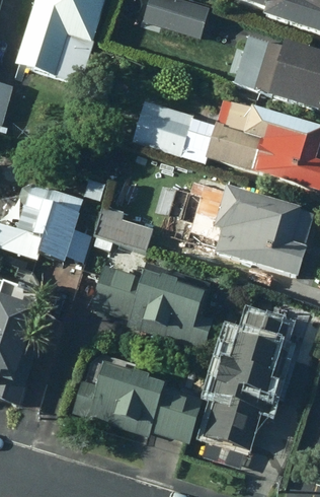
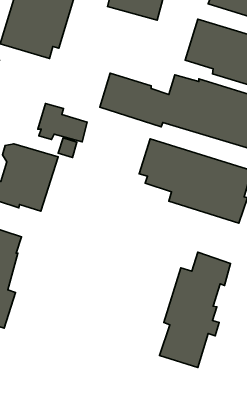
building: [93,204,152,250] -> [38,104,87,142]
building: [90,260,215,348] -> none
building: [71,358,203,441] -> none

